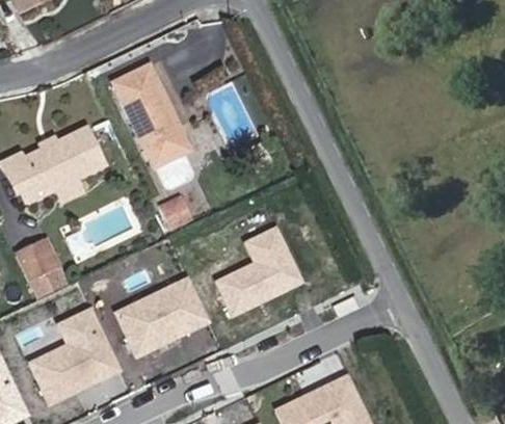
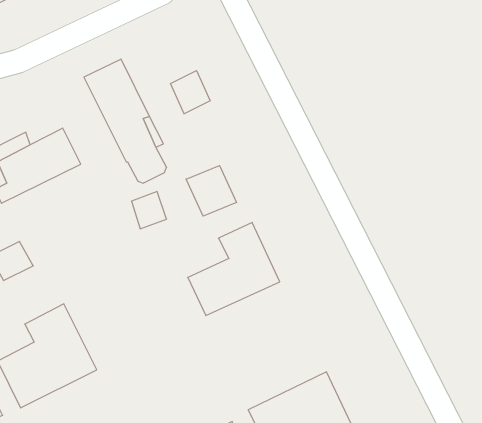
building: none -> [170,71,210,114]
building: none -> [186,166,237,216]
building: [114,275,212,360] -> none

